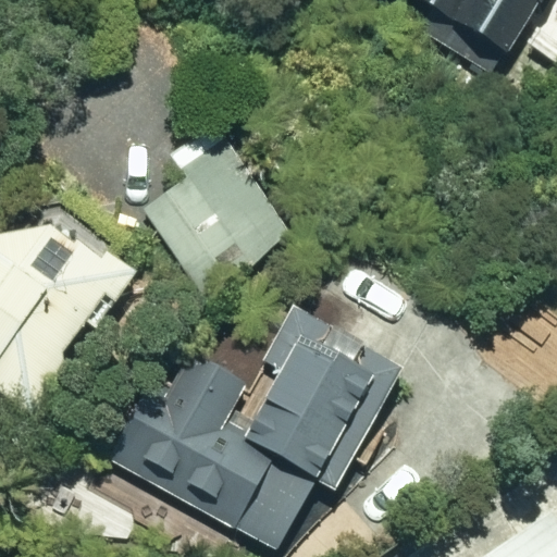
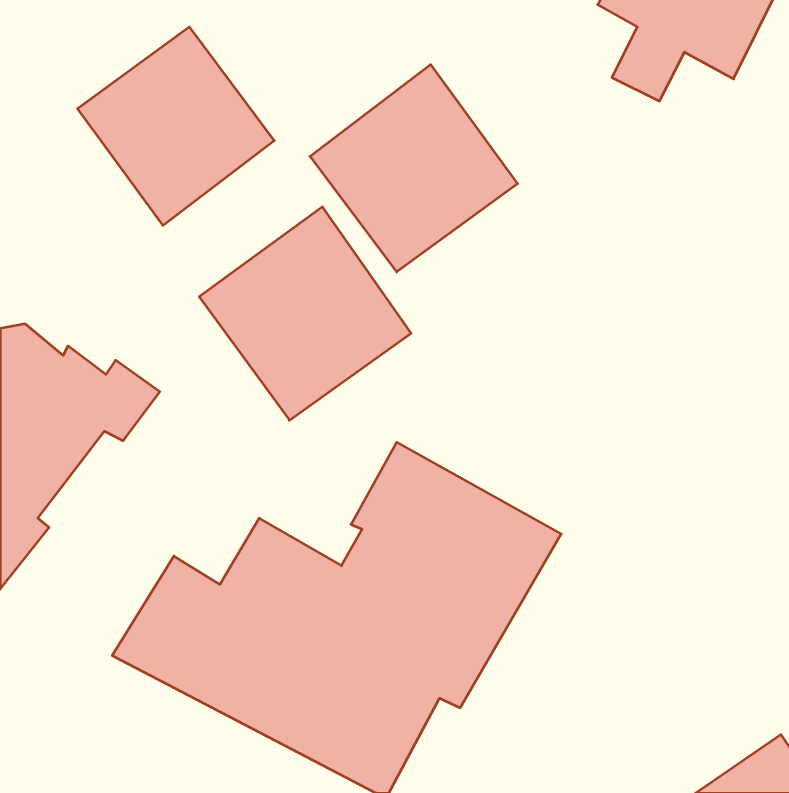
building: none -> [78,27,274,225]
building: none -> [310,65,518,272]

